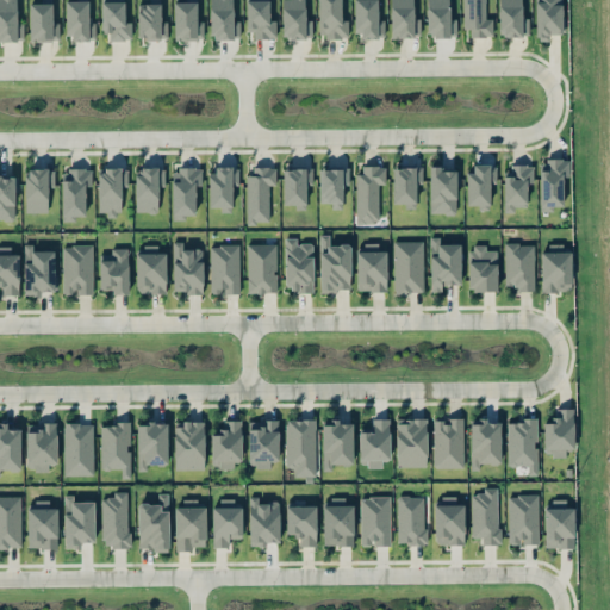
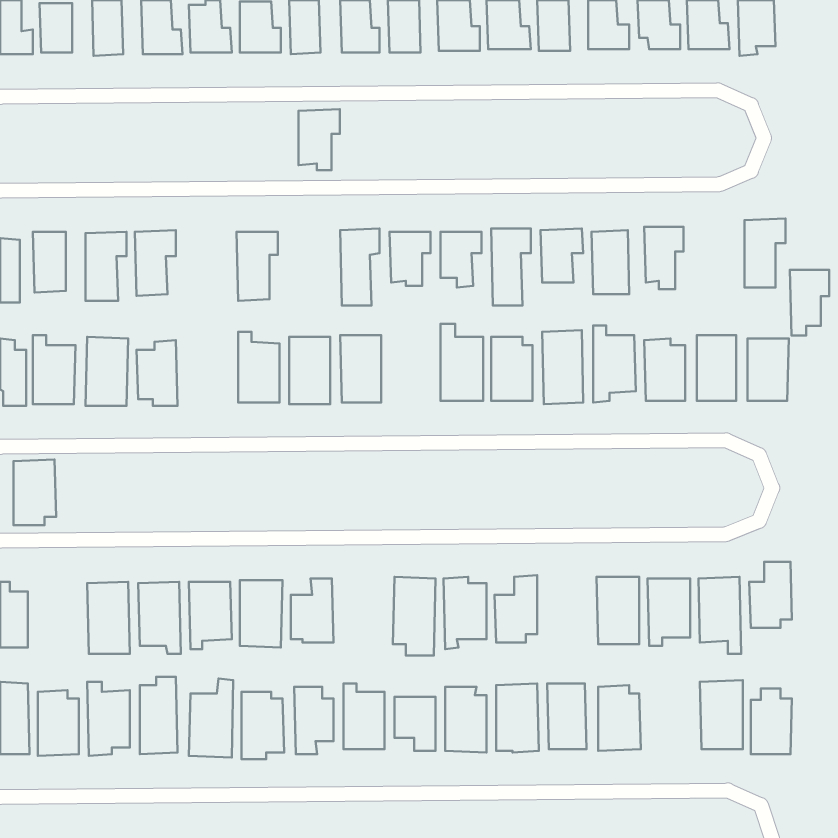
building: [505,166,534,213] -> [790,270,829,336]
building: [136,168,166,213] -> none
building: [210,168,239,212] -> [299,109,340,170]
building: [285,238,315,292] -> none
building: [137,245,167,294] -> none
building: [397,419,428,467] -> none
building: [249,421,280,468] -> none
building: [27,423,58,471] -> [13,459,56,525]
building: [472,488,500,544] -> none

